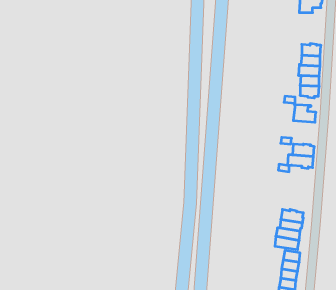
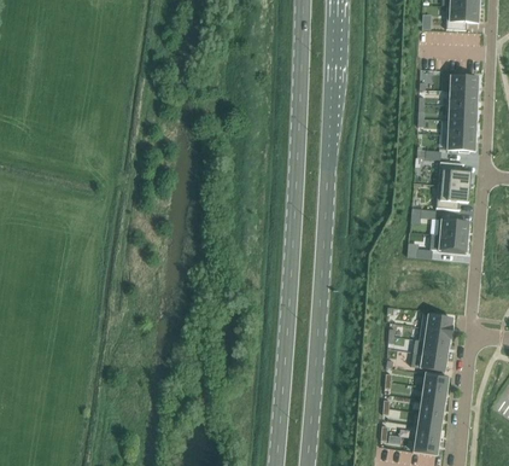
building: none -> [435,185,469,210]

